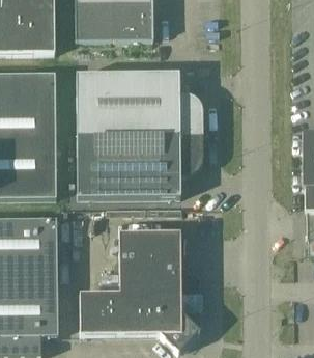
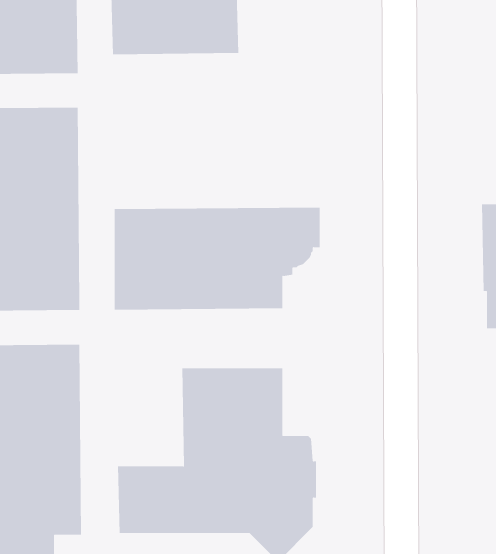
building: [76,73,203,135] -> none

